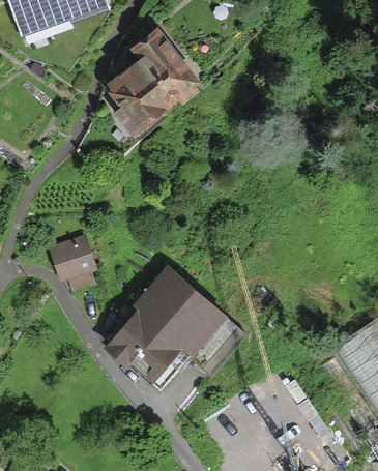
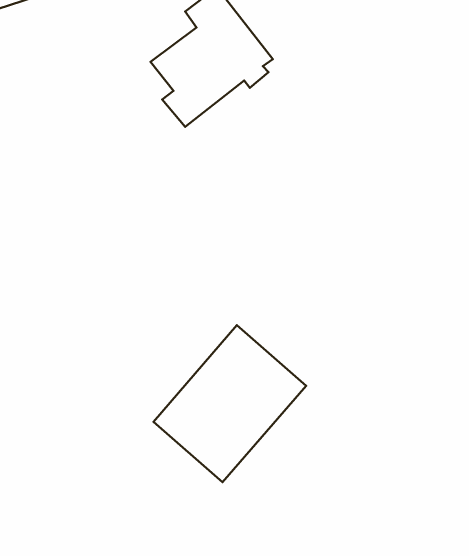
building: [47,239,85,279] -> none

